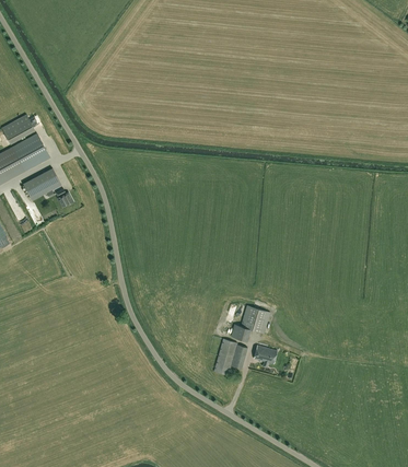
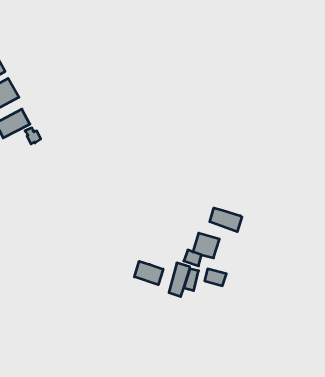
building: none -> [210,208,242,232]
building: none -> [134,261,163,285]

